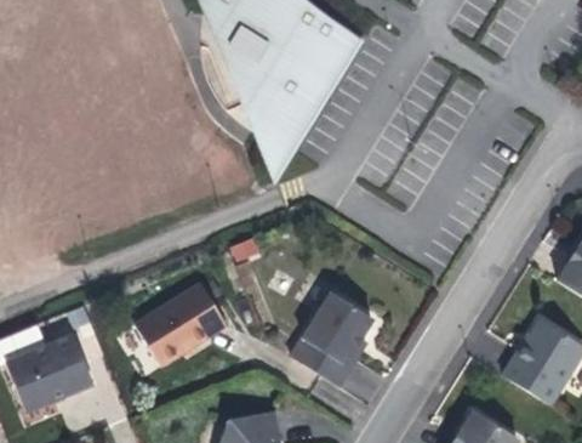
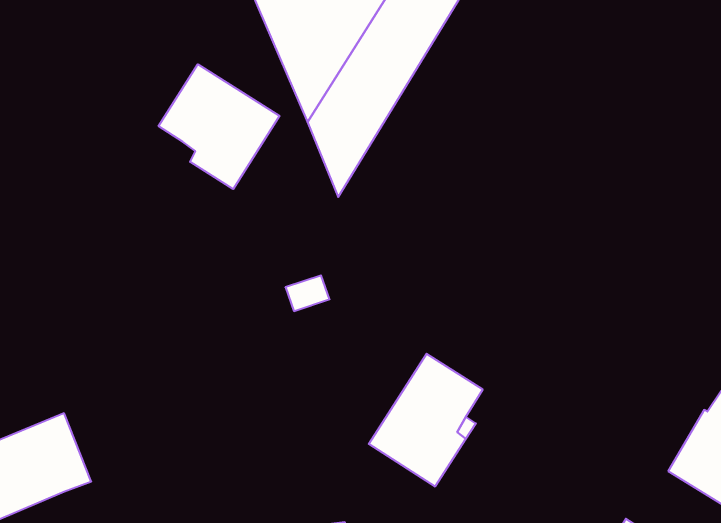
building: none -> [159,64,279,189]
building: [136,282,227,365] -> none

